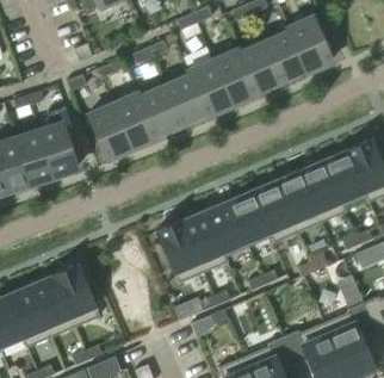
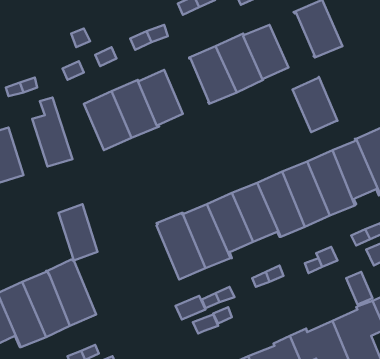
building: [264,29,306,81] -> [292,77,338,132]
building: [163,73,206,125] -> none
building: [16,130,52,184] -> [59,204,98,261]

